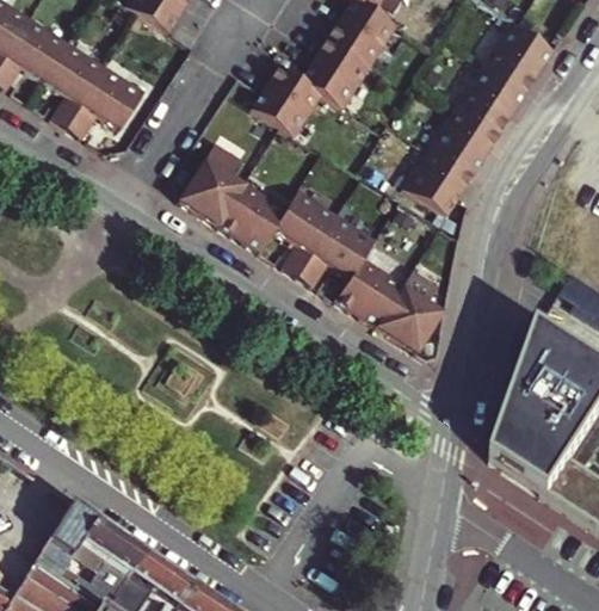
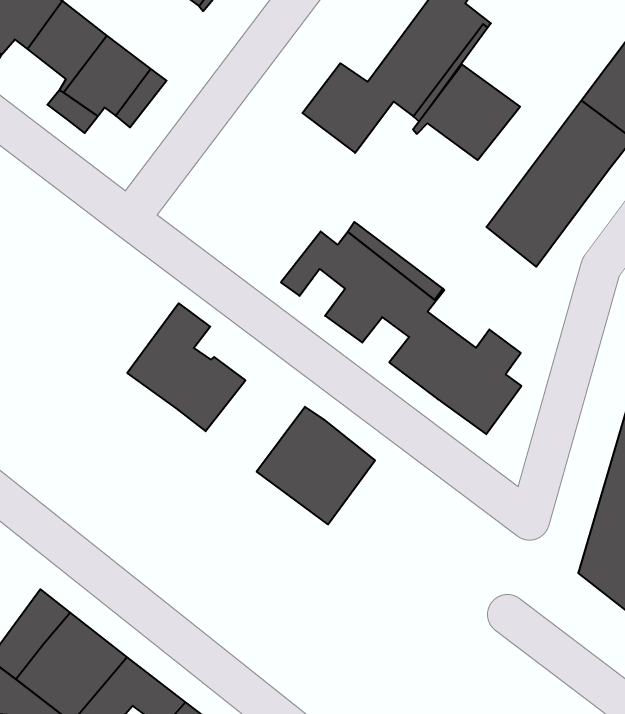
building: none -> [413,65,520,160]
building: [179,144,273,245] -> [127,303,245,431]
building: none -> [257,407,375,524]

